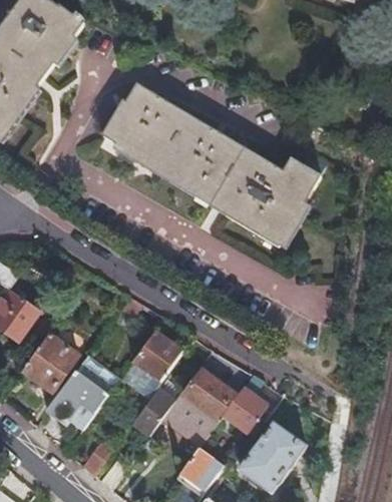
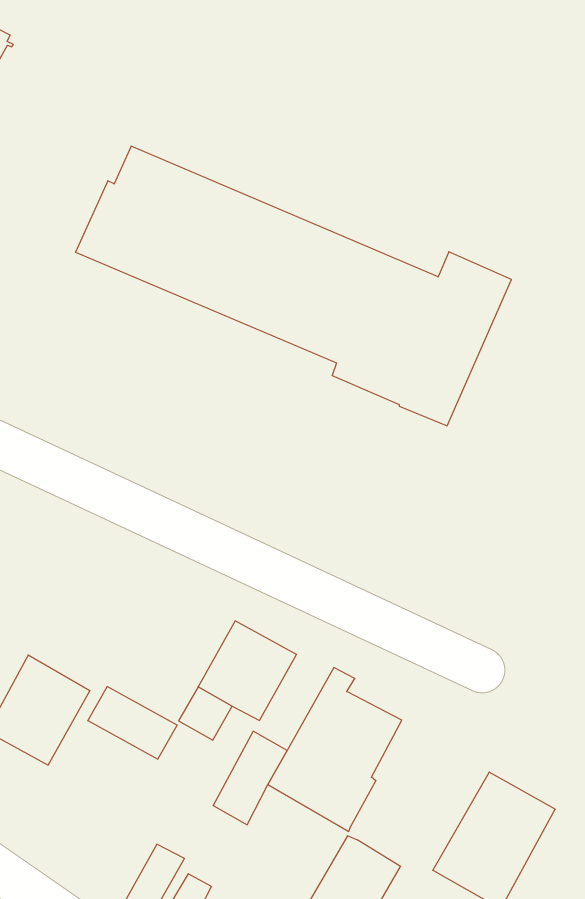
building: [47,372,108,430] -> none
building: [222,375,276,438] -> none

